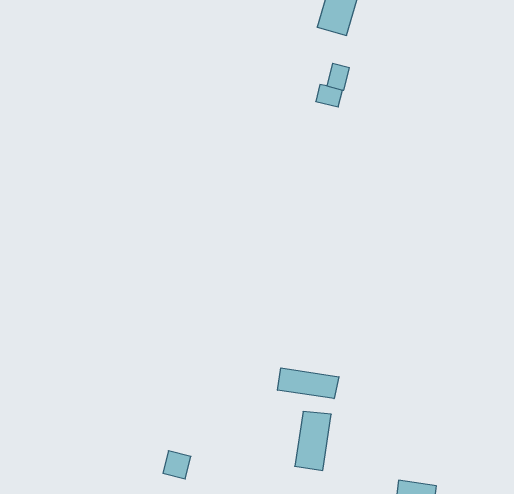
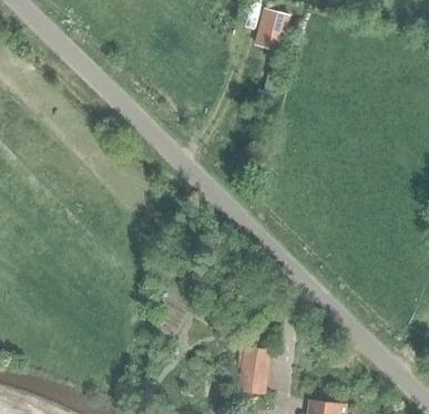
building: [278,368,339,399] -> none

